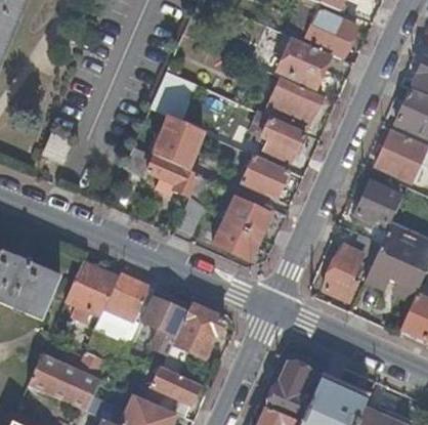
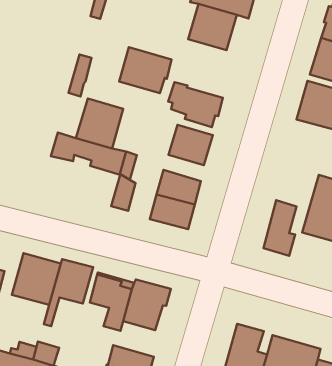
building: [266,77,322,127] -> [119,47,171,93]
building: [355,181,398,227] -> none

